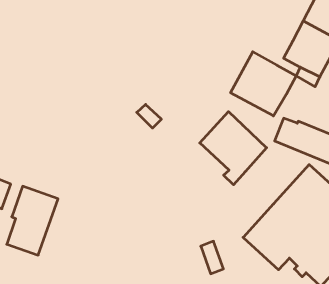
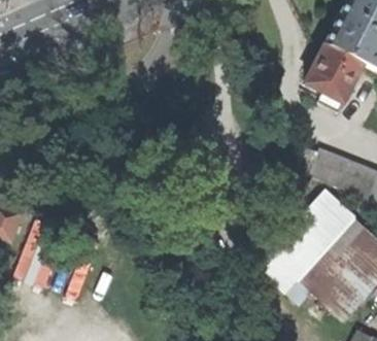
building: [231,52,296,116] -> none
building: [200,112,267,185] -> none

